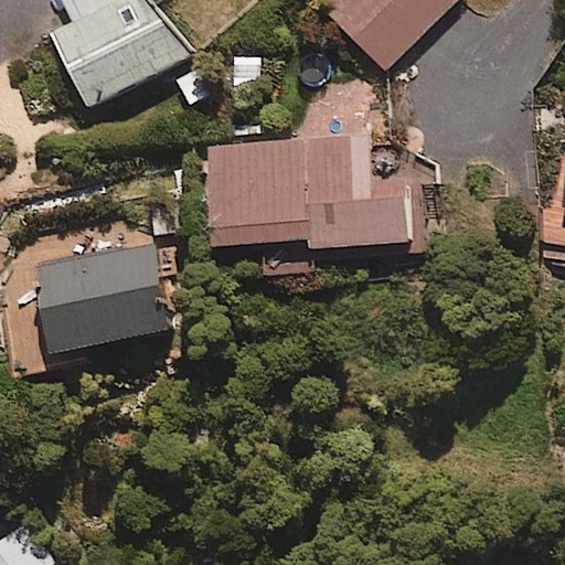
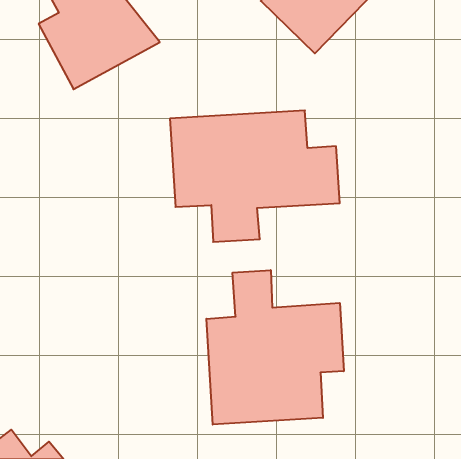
building: [29,242,171,364] -> none
building: none -> [206,270,344,425]

